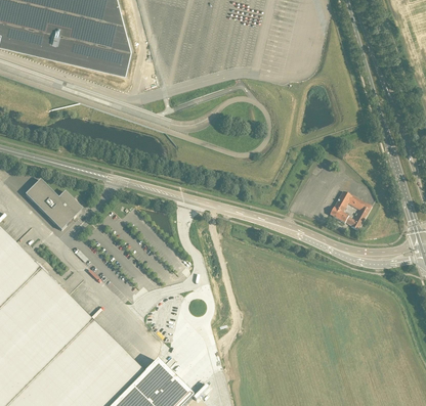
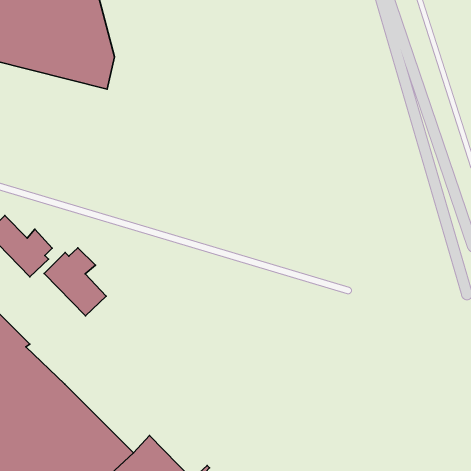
building: [329,191,371,230] -> none
building: none -> [44,248,106,316]

